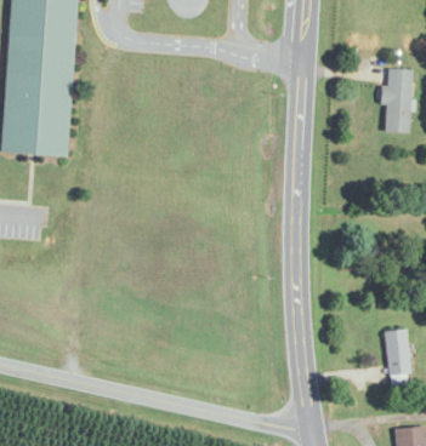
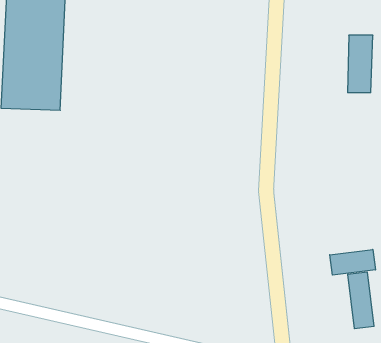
building: none -> [330,249,375,275]

